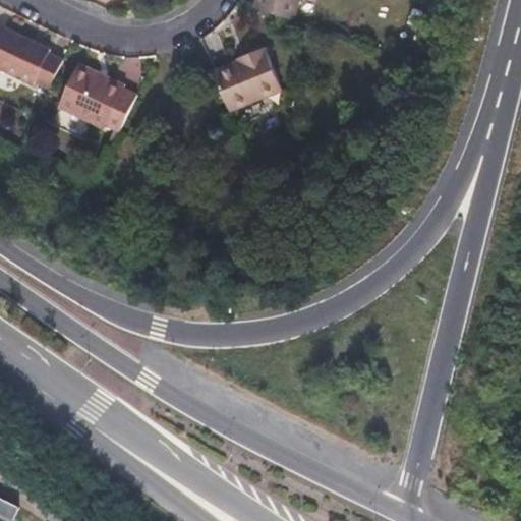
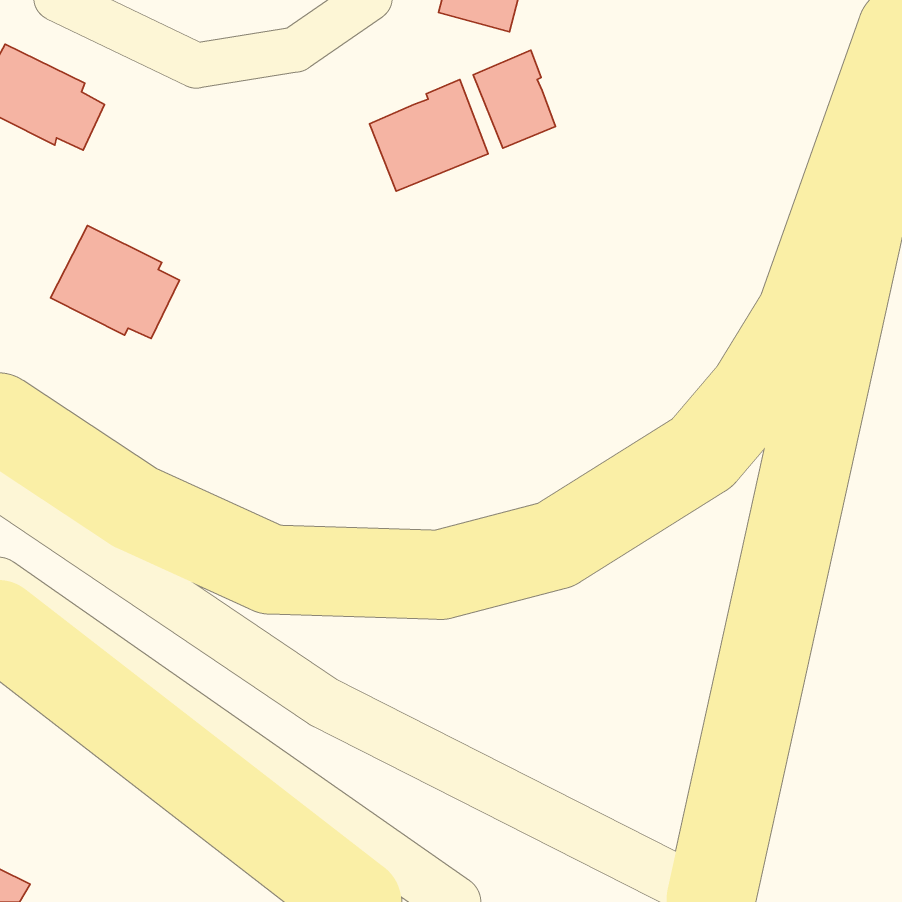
building: none -> [473,50,555,148]
building: [57,65,131,130] -> [50,225,179,339]

